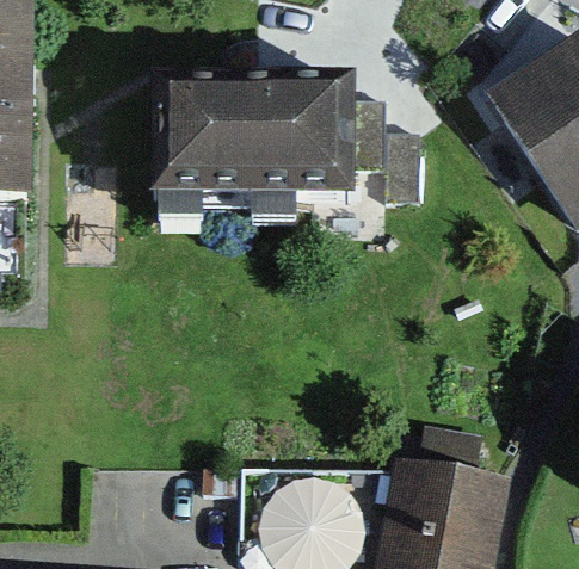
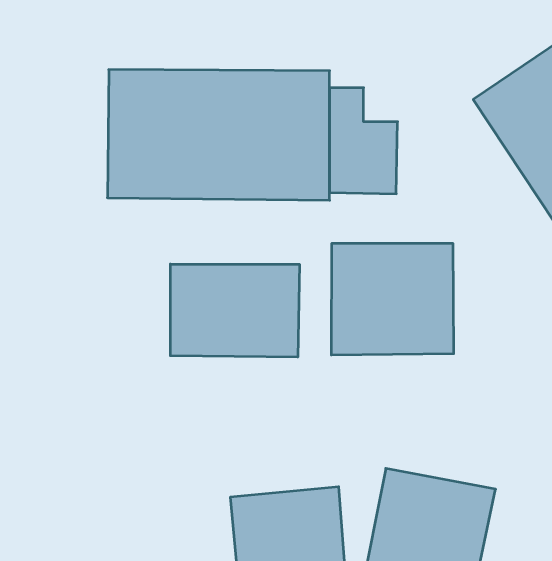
building: none -> [331,243,454,355]
building: none -> [170,264,299,357]

